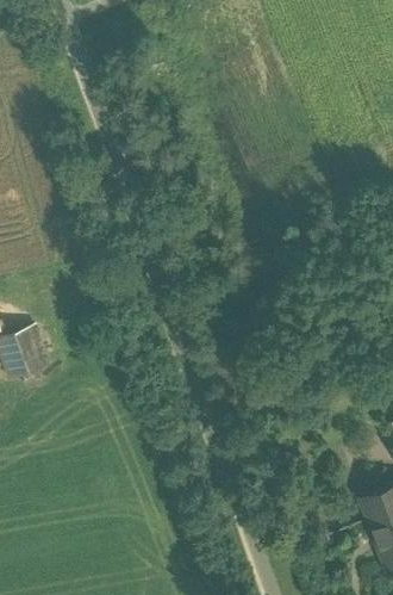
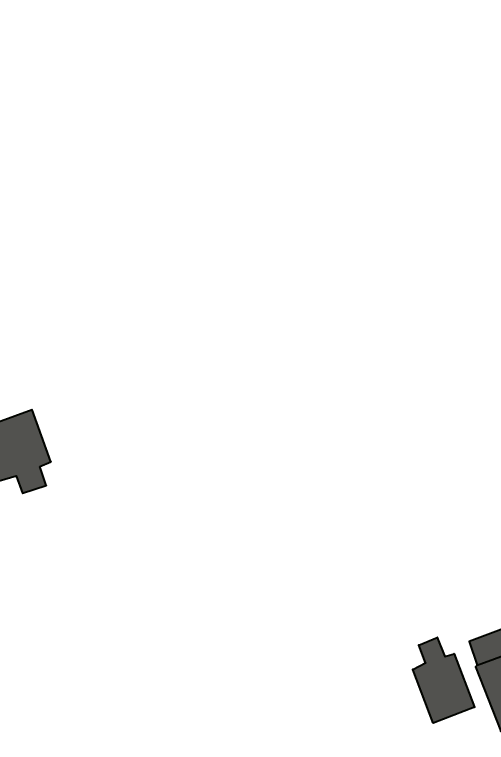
building: none -> [413,637,475,723]

